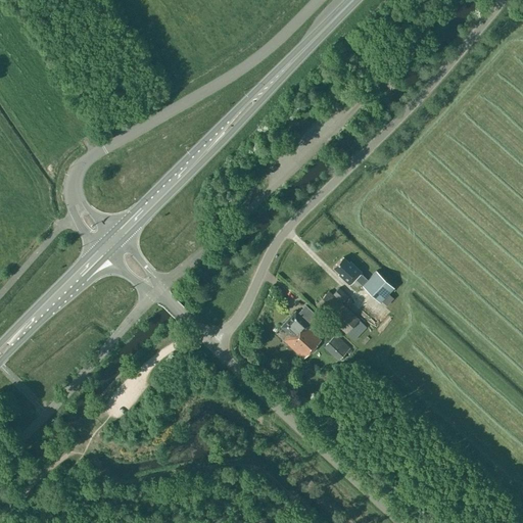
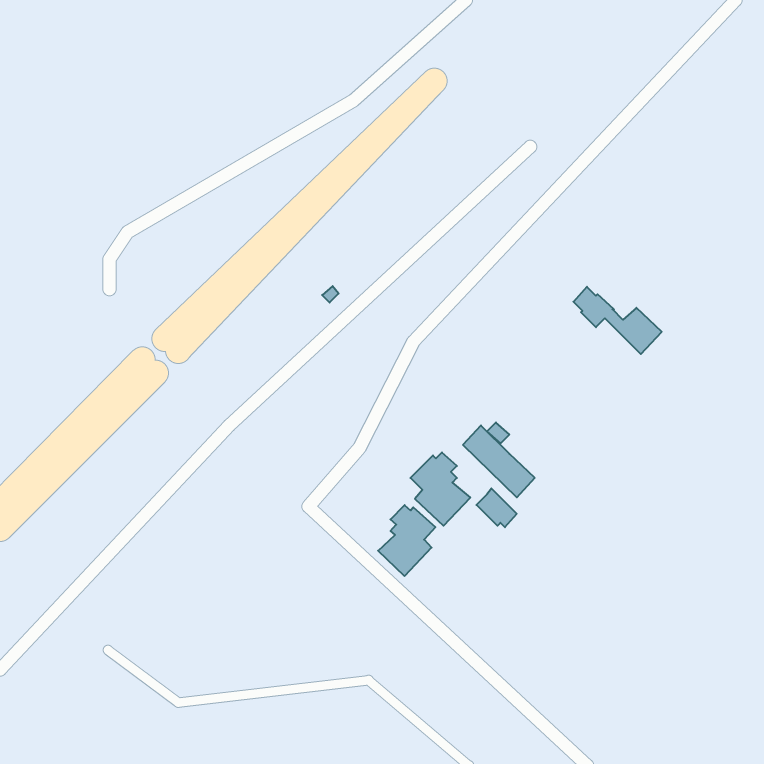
building: [334,257,394,303] -> [573,287,662,354]
building: none -> [378,505,435,576]

